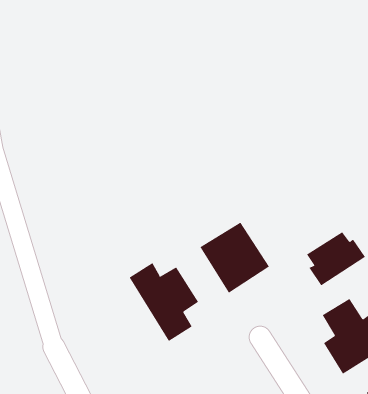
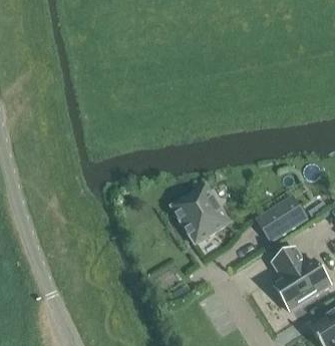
building: [129,262,199,342] -> none

